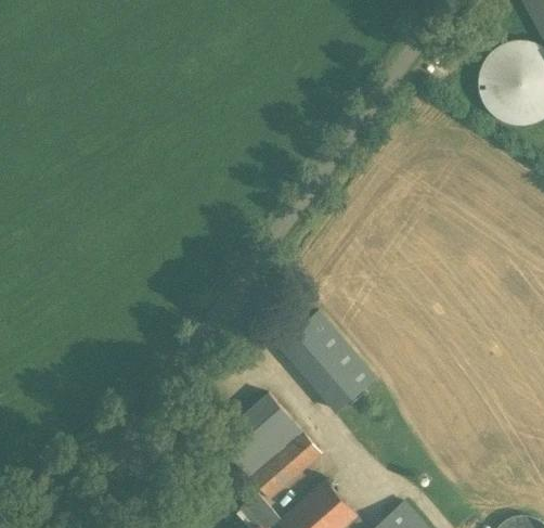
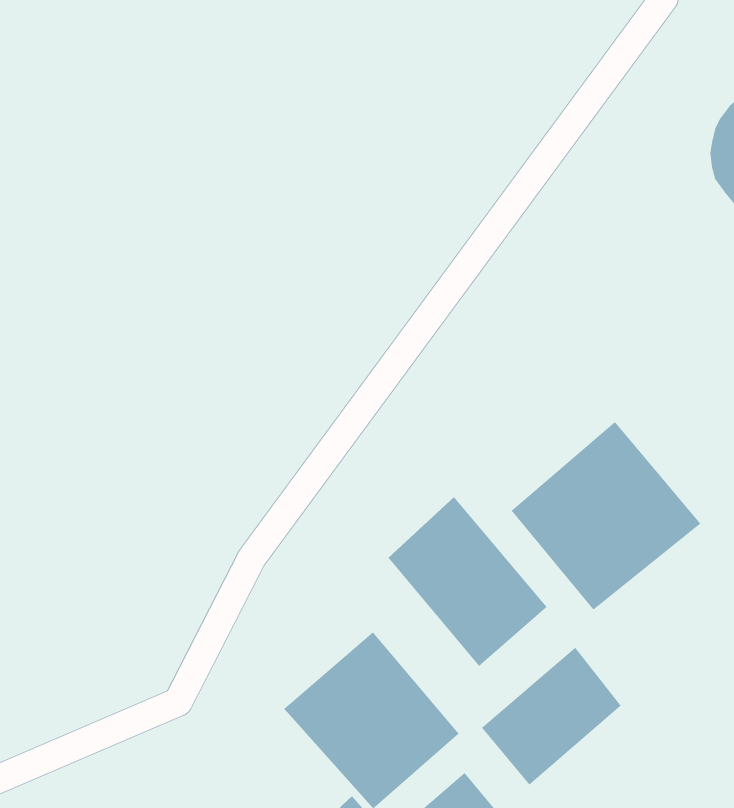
building: none -> [511,421,701,611]
building: none -> [481,647,622,786]

